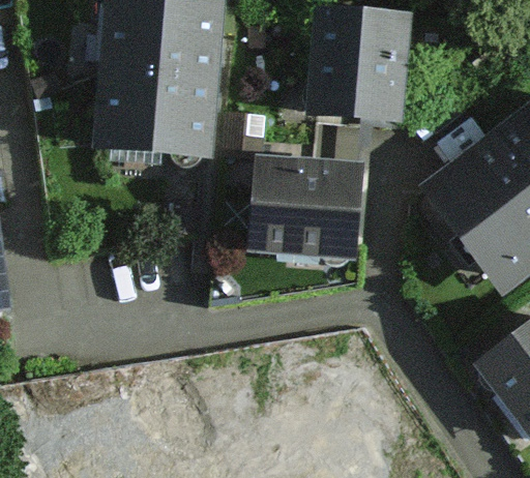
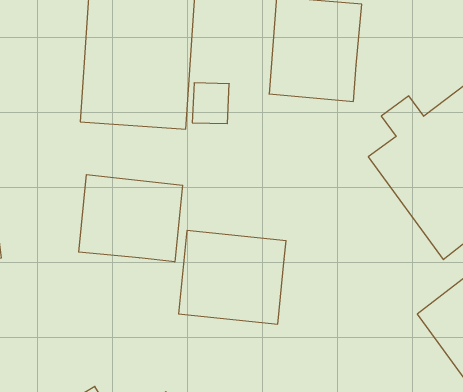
building: [246,154,366,259] -> [179,231,286,324]
building: none -> [79,175,183,262]

